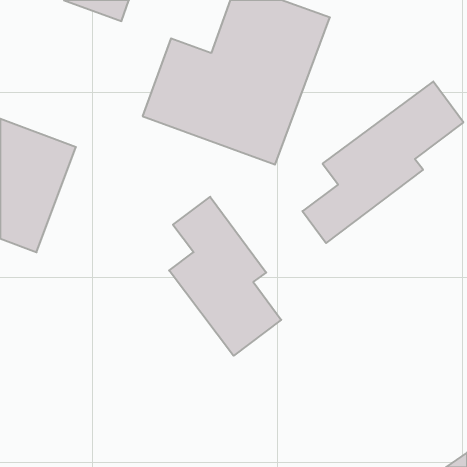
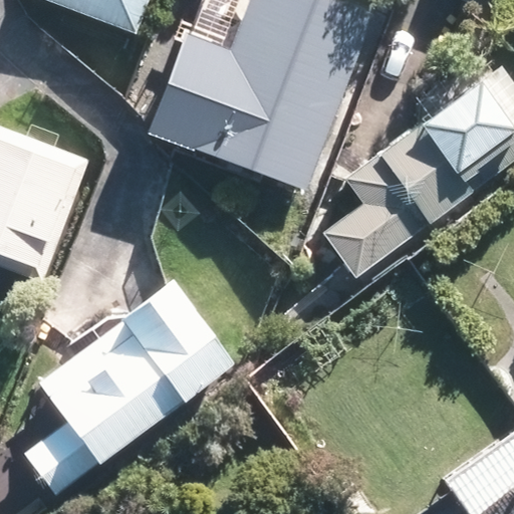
building: [169,197,281,356] -> none
building: none -> [30,296,229,488]

